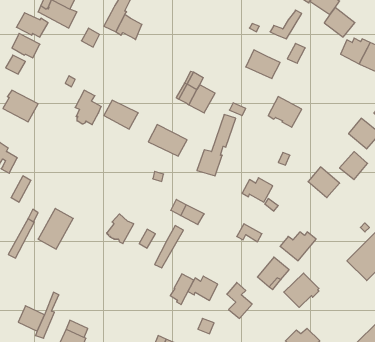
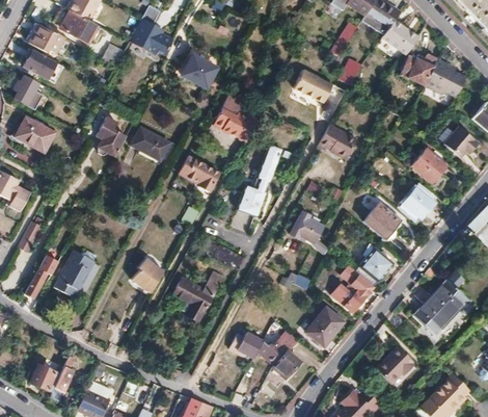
building: none -> [180,43,219,86]
building: none -> [358,247,392,282]
building: [284,273,319,307] -> [371,345,411,385]
building: [170,274,194,305] -> [175,281,202,316]

